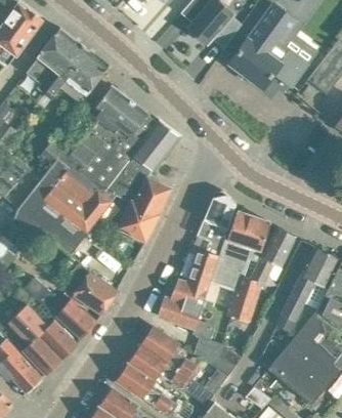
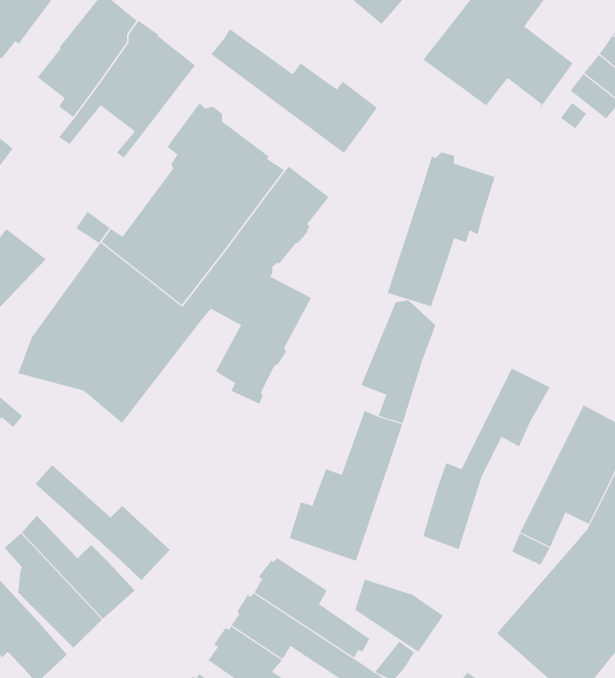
building: none -> [211,28,378,154]
building: [212,209,269,291] -> [387,152,495,307]
building: [69,263,117,316] -> none

